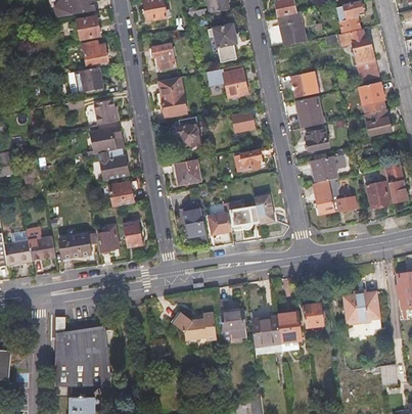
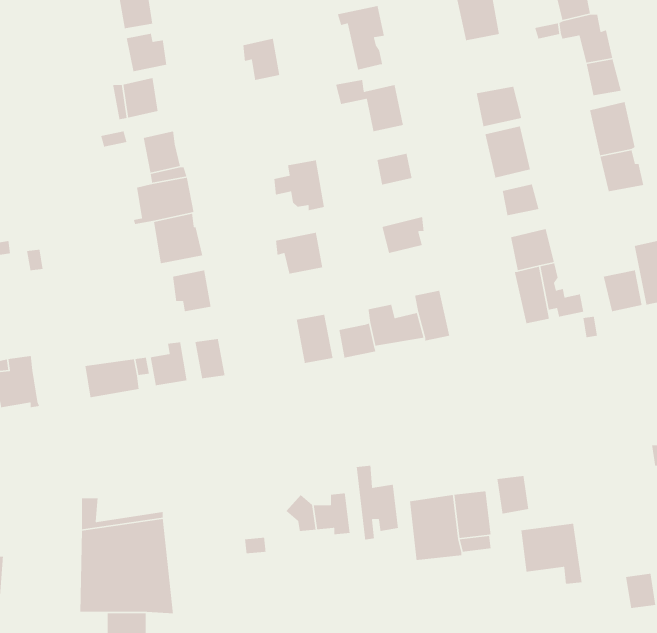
building: [158,77,185,114] -> none
building: [26,230,54,260] -> none
building: [344,291,380,328] -> [521,523,582,585]

